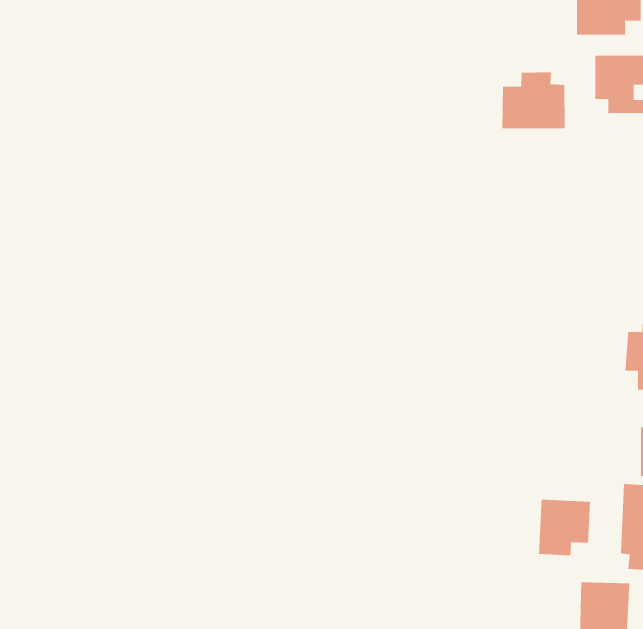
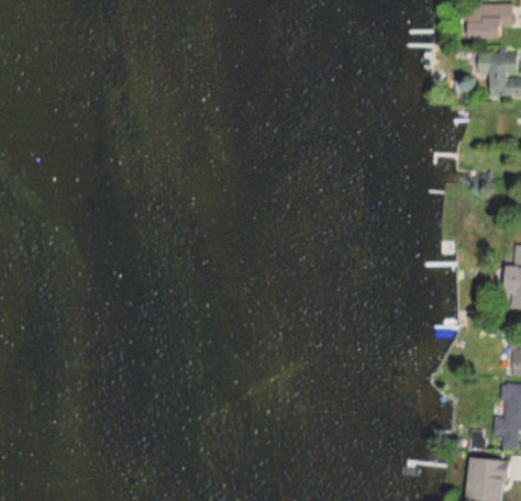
building: [502,71,565,129] -> none
building: [538,499,591,556] -> none

